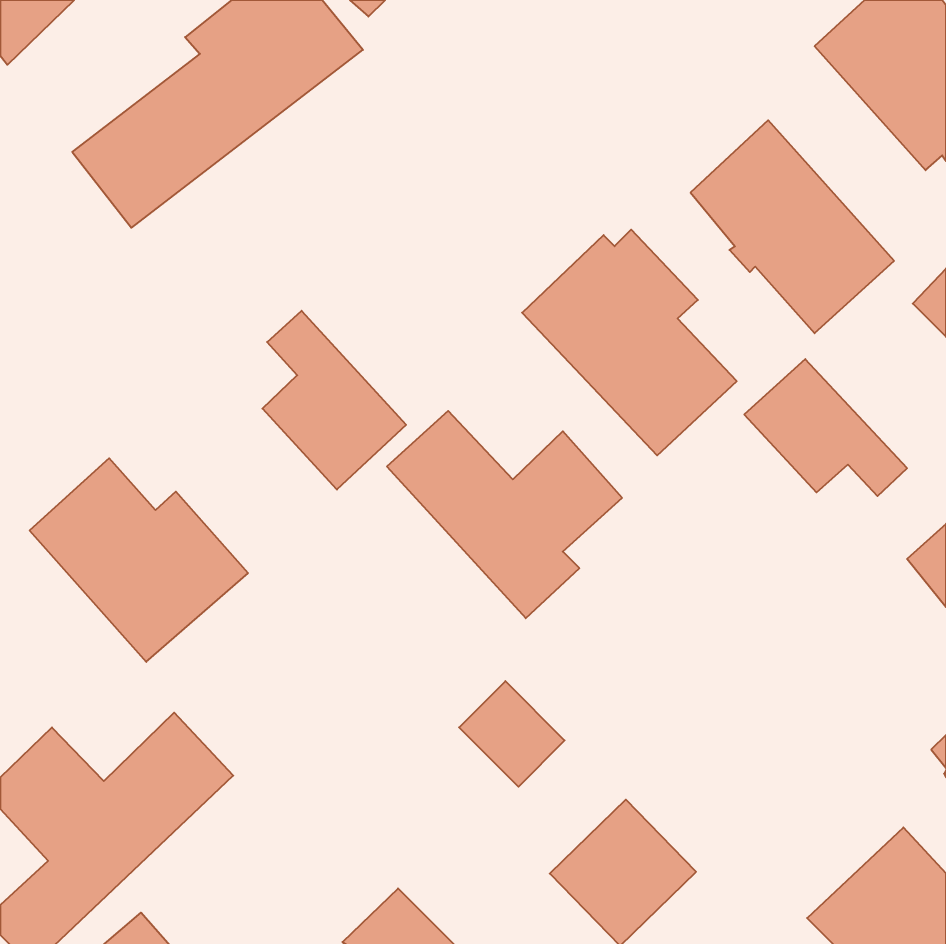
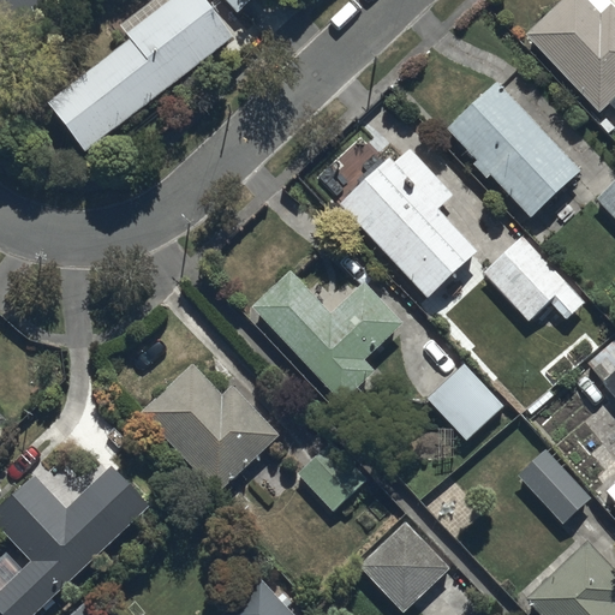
building: [262,311,406,490] -> none
building: [30,458,248,662] -> [139,362,281,494]
building: none -> [425,363,506,443]
building: none -> [518,448,593,524]

